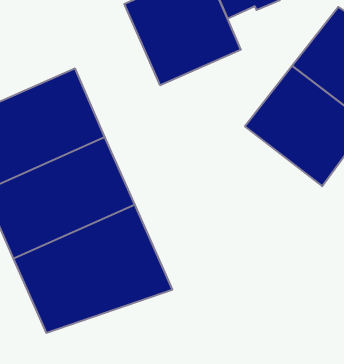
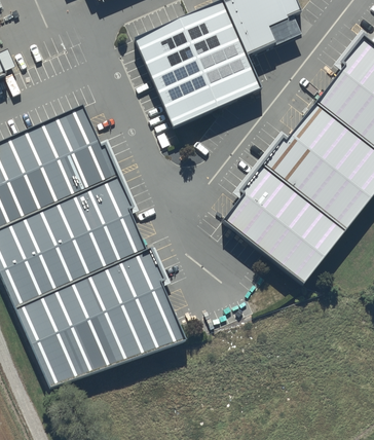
building: none -> [225,168,348,284]

